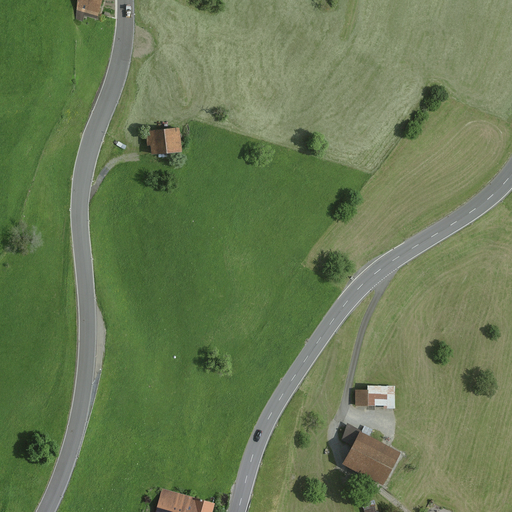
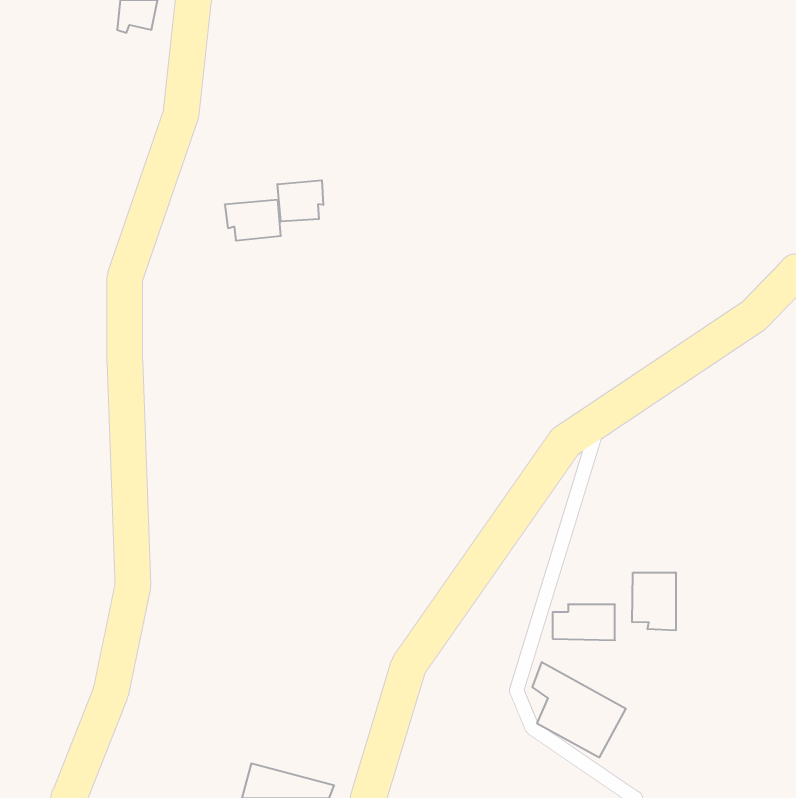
building: none -> [277,180,323,222]
building: none -> [632,572,676,630]

